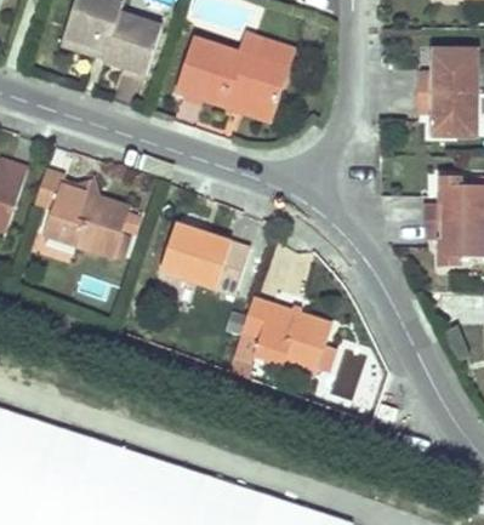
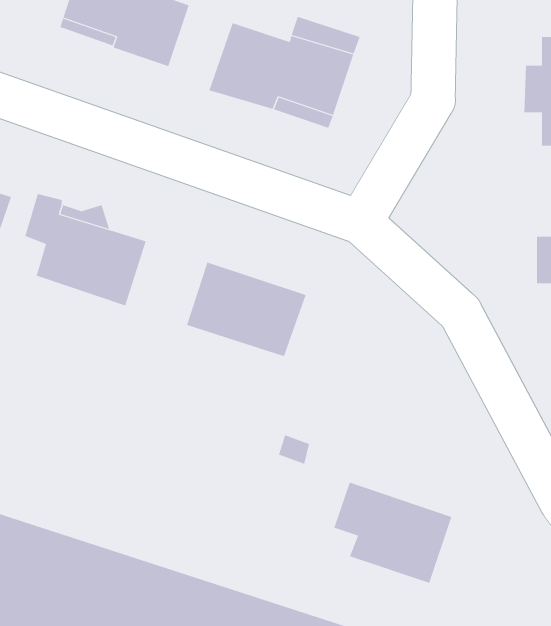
building: [241,296,332,373] -> [333,482,452,583]

